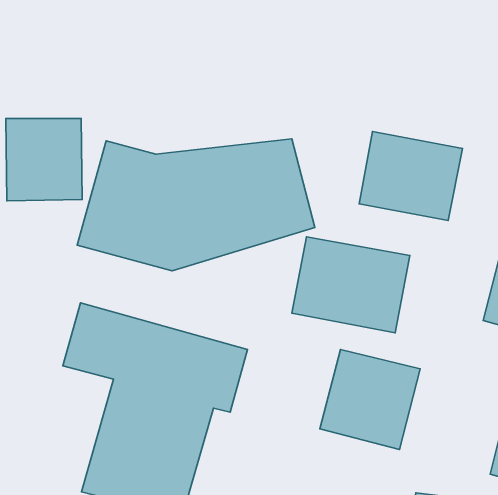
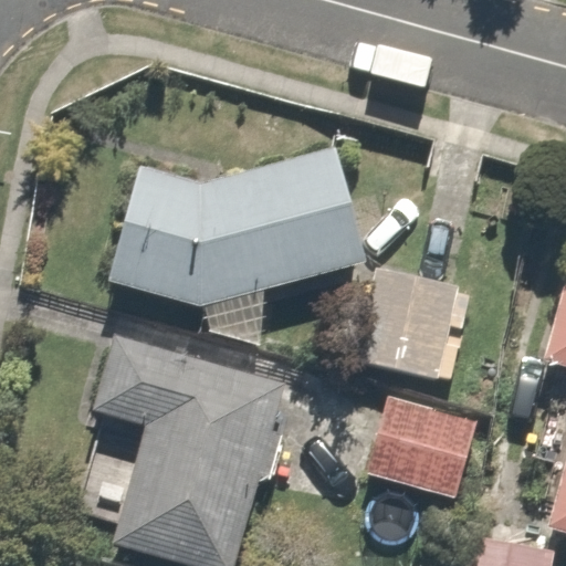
building: [6,118,82,201] -> none
building: [359,132,463,220] -> none

